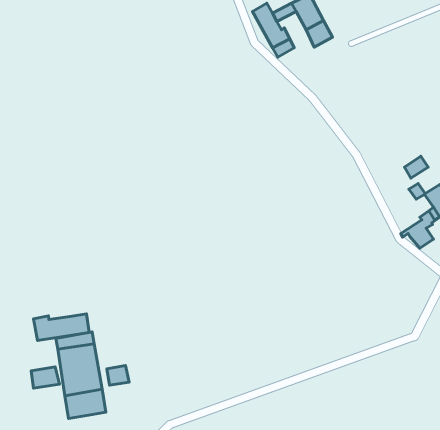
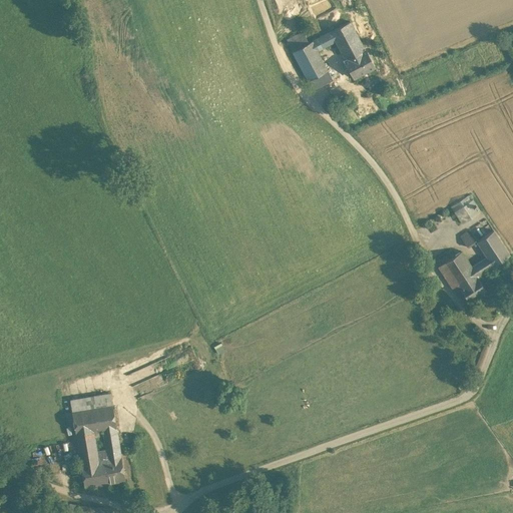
building: none -> [438,251,473,286]
building: [34,314,89,340] -> none
building: [107,365,129,385] -> none
building: [31,367,59,388] -> none

